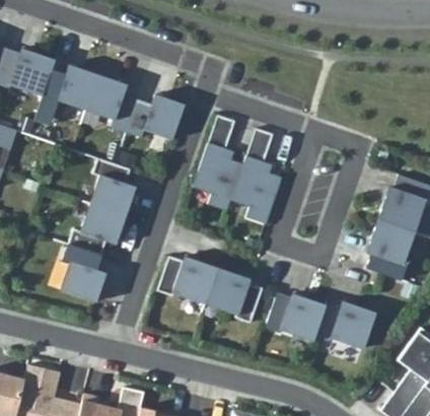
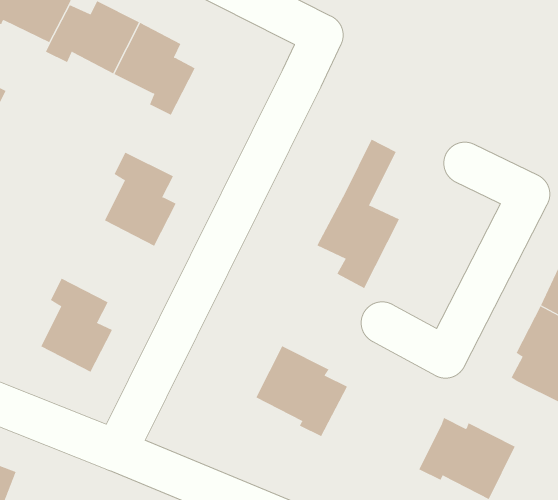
building: [126,94,184,139] -> none
building: [192,115,243,211] -> none
building: [70,204,127,256] -> none
building: [157,256,217,303] -> none
building: [265,293,326,341] -> none

